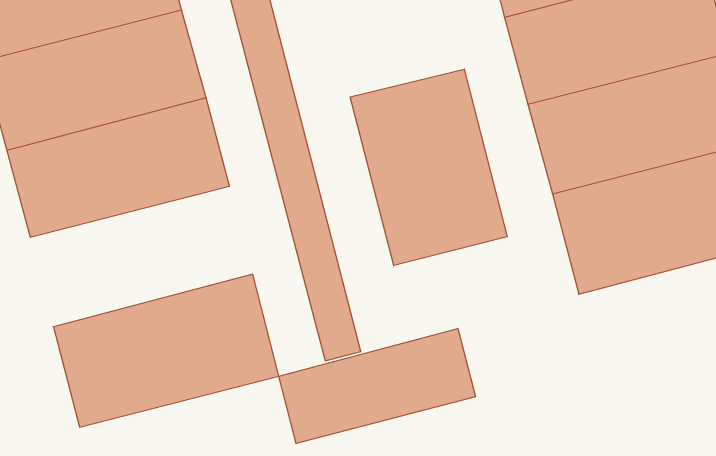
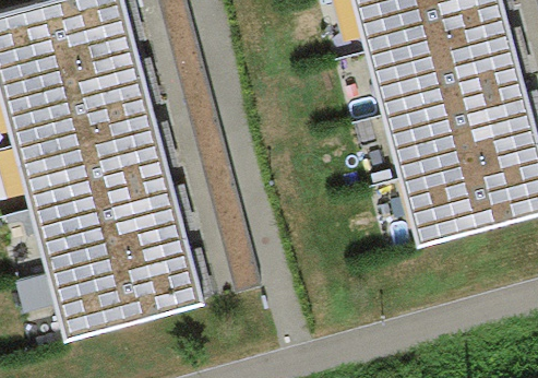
building: [350,69,507,266] -> none
building: none -> [27,168,184,268]
building: [279,328,476,444] -> none

